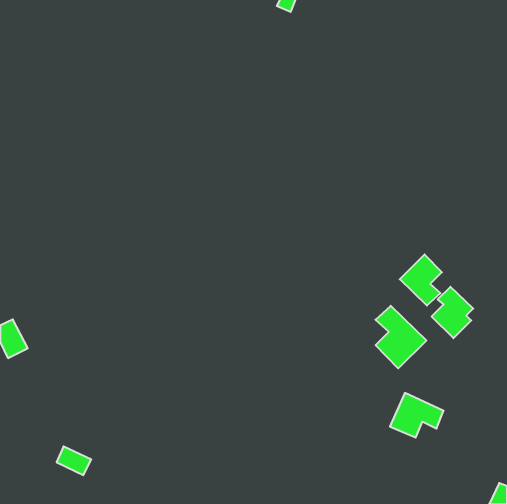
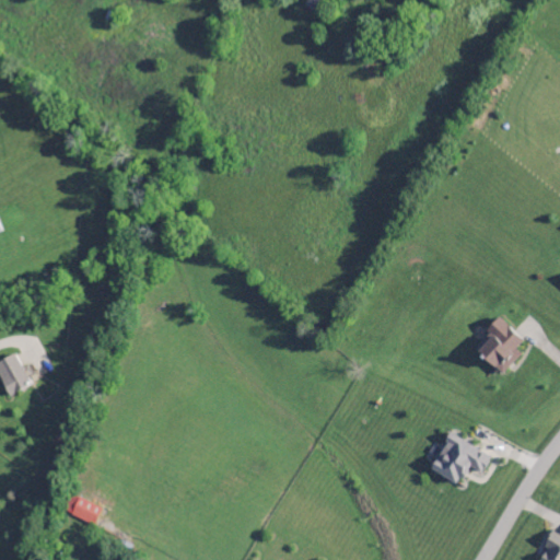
building: [400,254,442,306] -> none
building: [375,306,426,368] -> none

